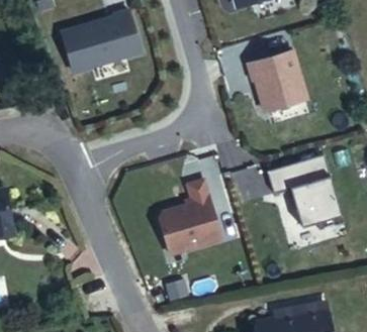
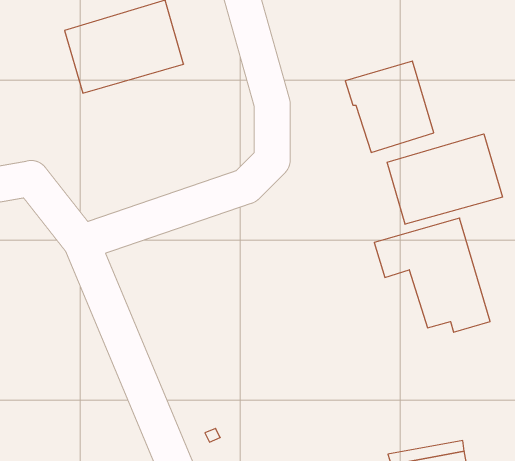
building: none -> [387,134,502,224]
building: [159,193,220,253] -> none

